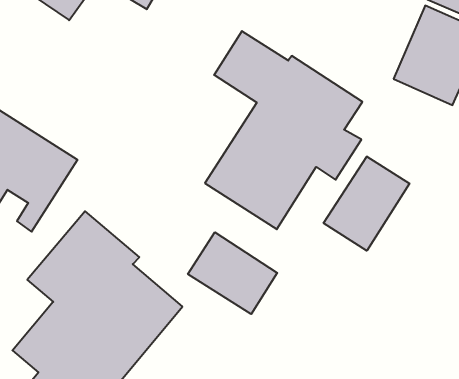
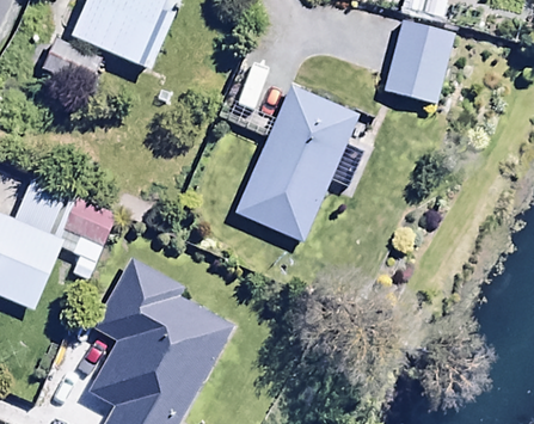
building: [324,156,409,251] -> none
building: [188,232,277,314] -> none

